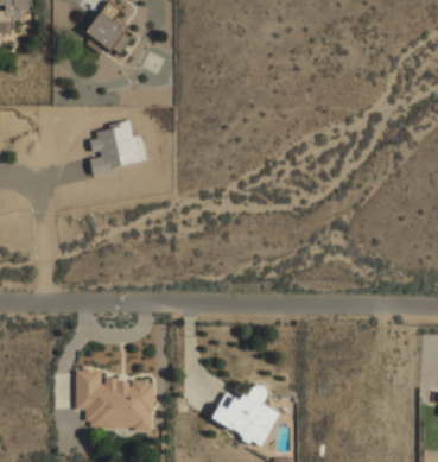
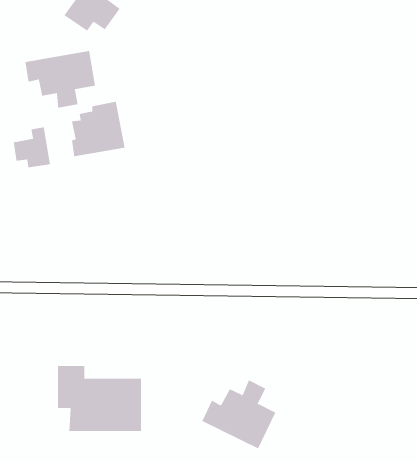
building: none -> [25,50,96,108]
building: none -> [13,126,51,168]

